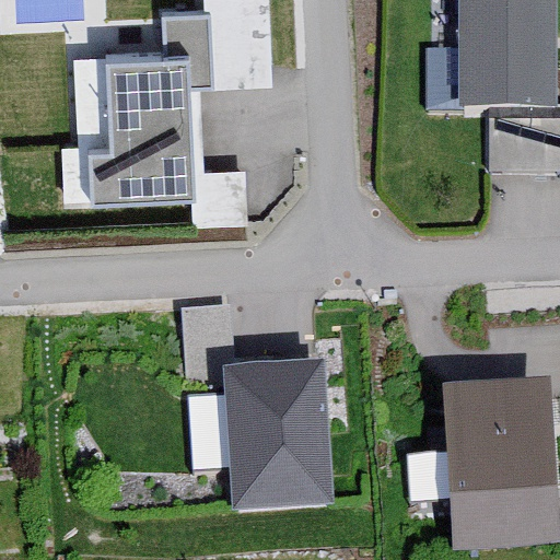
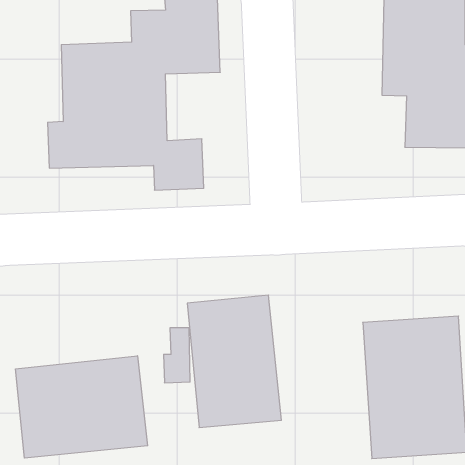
building: none -> [16,356,148,458]

